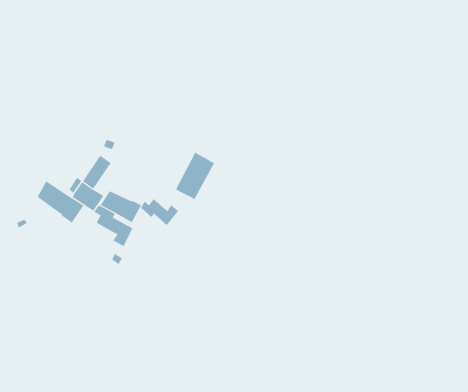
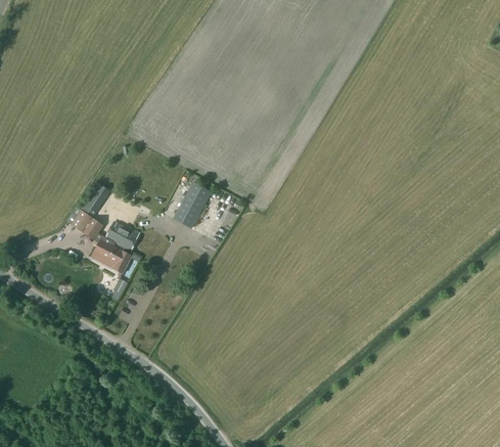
building: [37,180,84,224] -> none
building: [140,198,179,226] -> none

